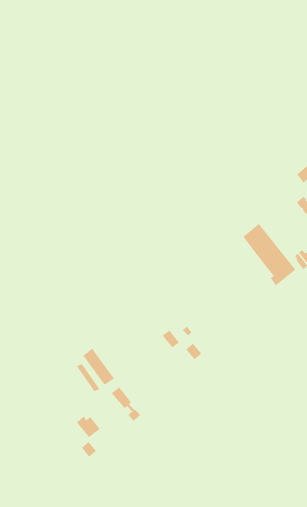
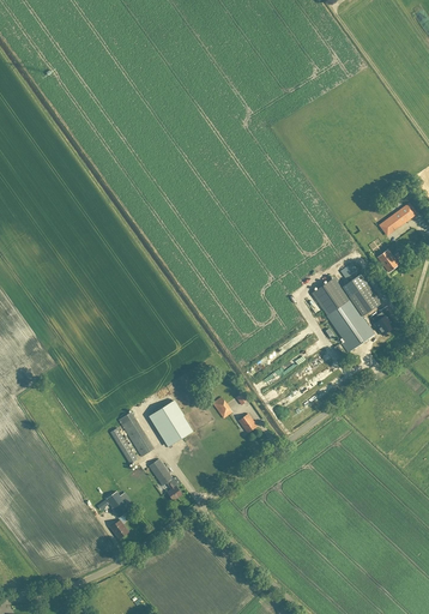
building: none -> [344,273,380,315]
building: none -> [152,399,192,444]

